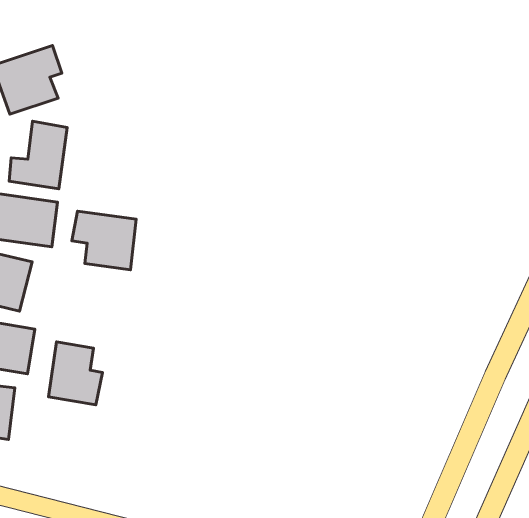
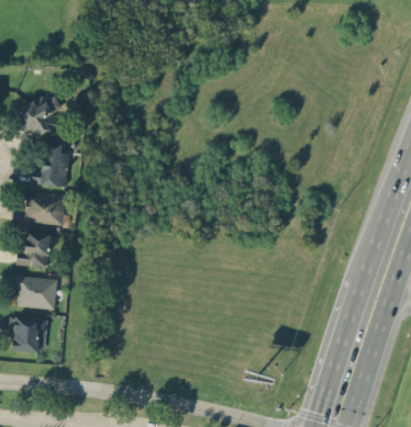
building: [72,211,136,270] -> none
building: [48,342,103,405] -> none

